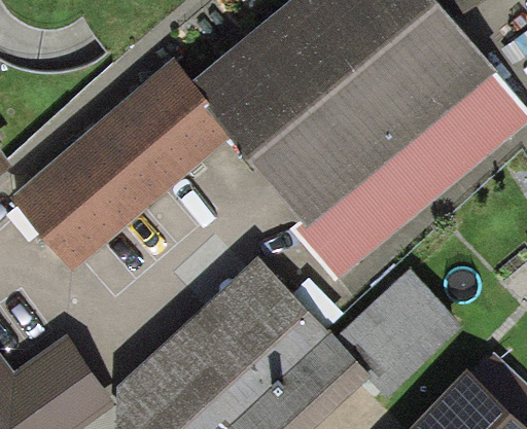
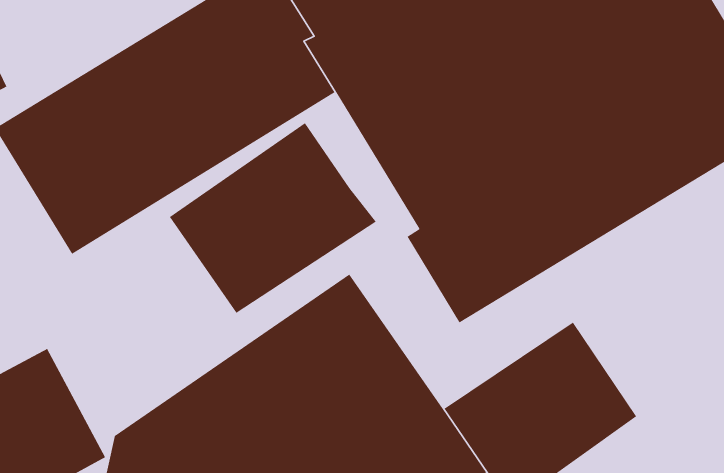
building: none -> [169,122,377,314]

